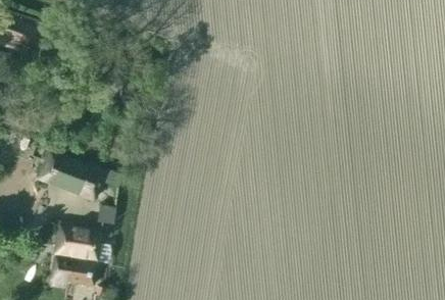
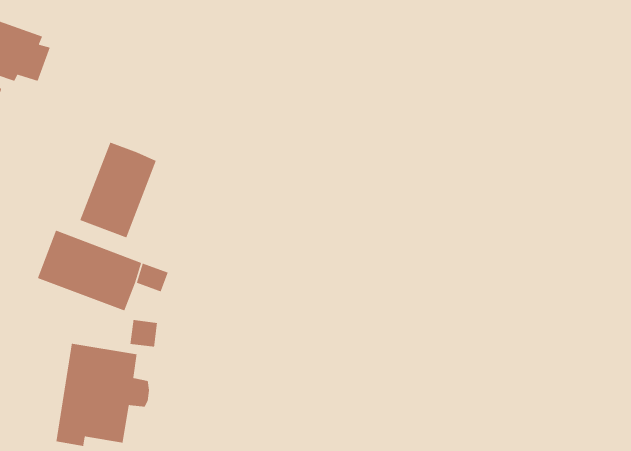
building: none -> [79,141,157,238]

